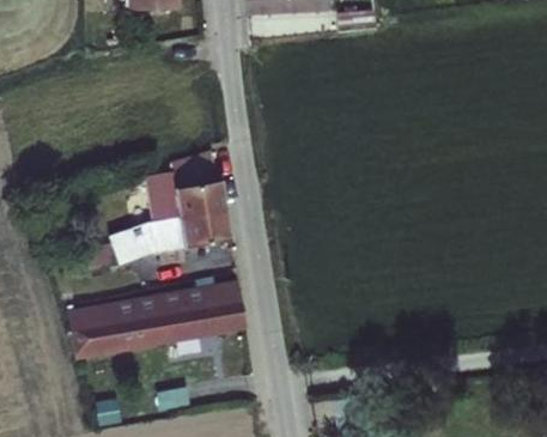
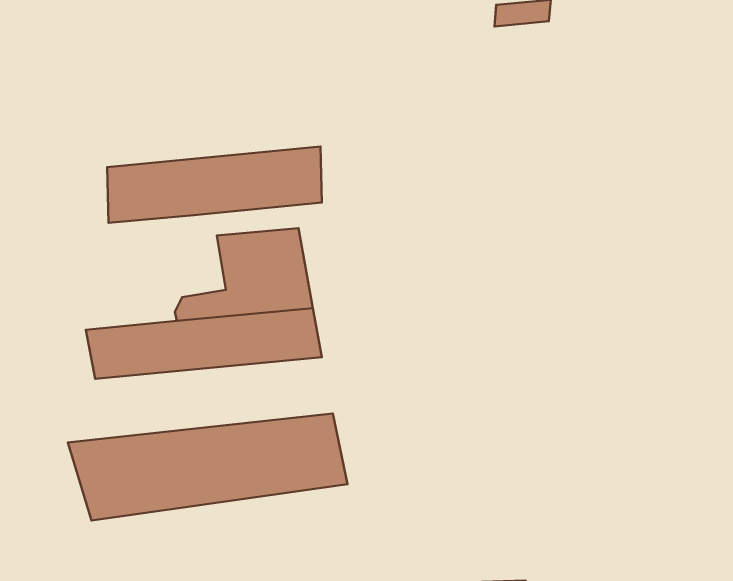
building: none -> [107,147,322,223]

